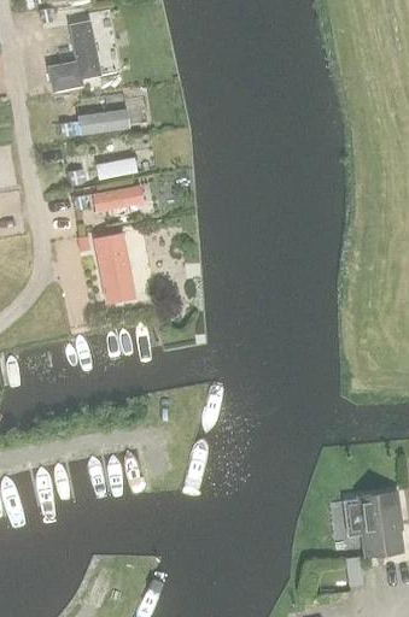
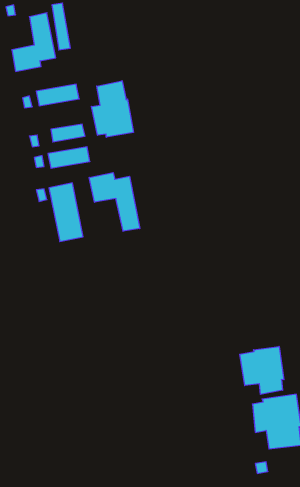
building: none -> [91,81,133,137]
building: none -> [89,173,140,231]
building: none -> [240,346,284,394]

